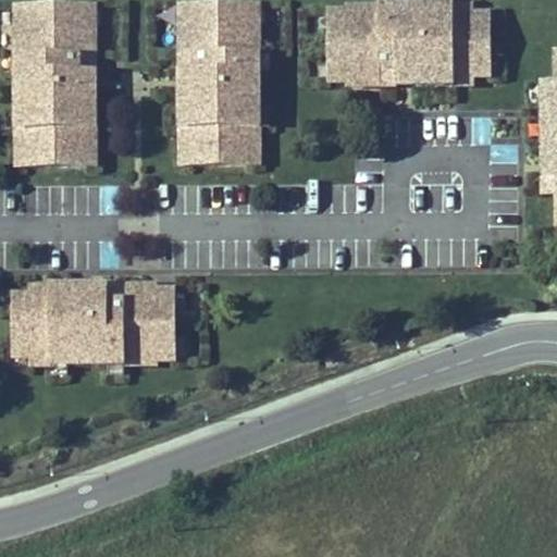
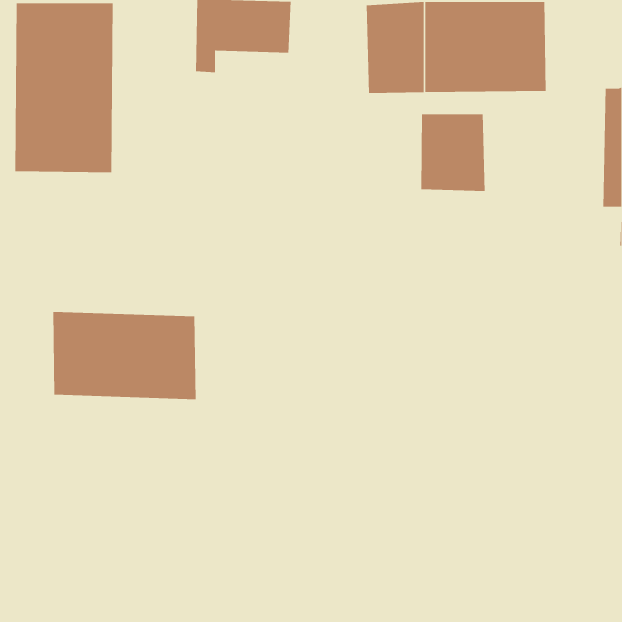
building: [174,46,258,166] -> none
building: none -> [420,113,486,192]
building: [8,277,48,354] -> none

